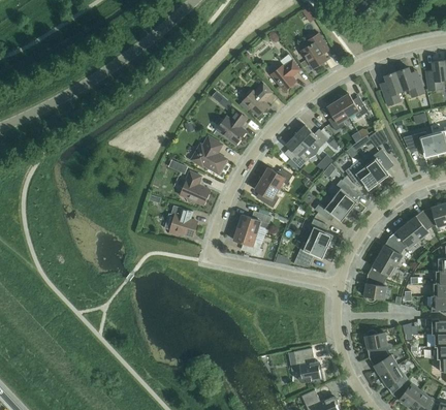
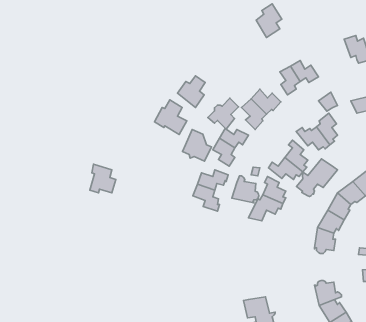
building: [270,60,299,91] -> none
building: [379,71,403,105] -> none
building: [238,84,272,117] -> [208,98,238,129]
building: [179,171,210,206] -> [183,129,211,161]
building: none -> [296,159,337,196]
building: [168,206,196,236] -> [90,164,116,193]
building: none -> [232,176,259,203]

